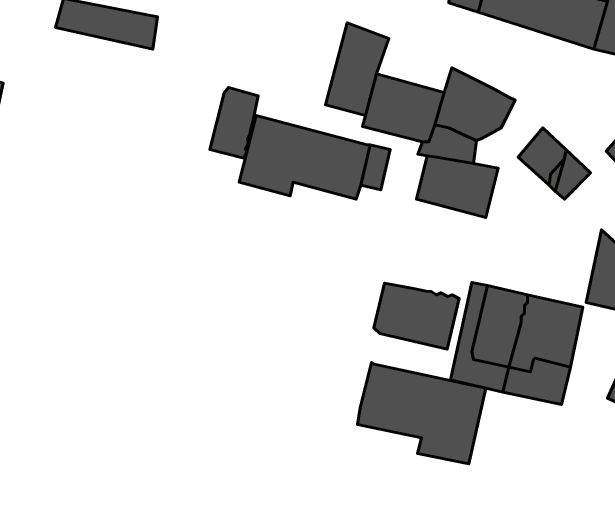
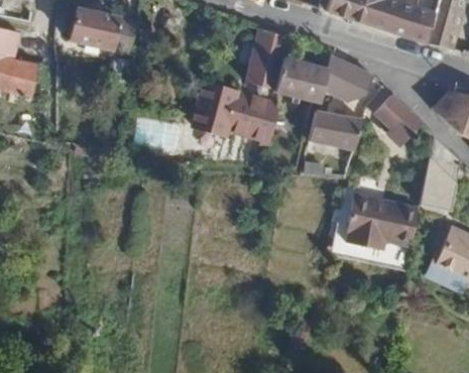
building: [210,88,258,158] -> none
building: [374,283,459,349] -> none
building: [358,363,486,464] -> none

